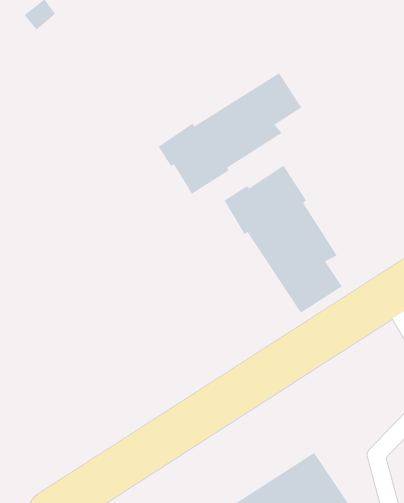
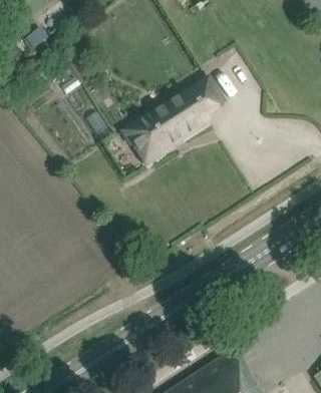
building: [224,165,342,314] -> none

